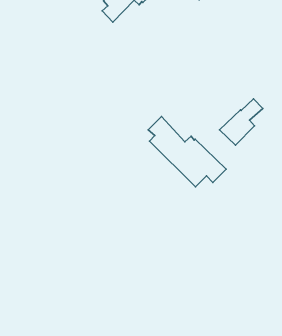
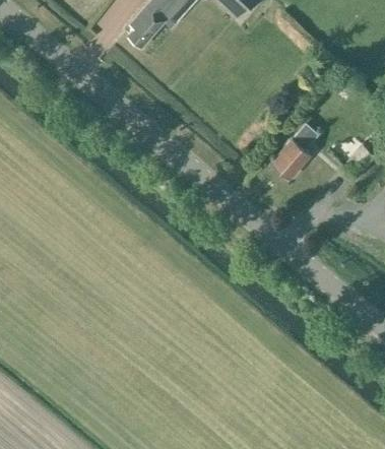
building: [148,117,226,187] -> none

